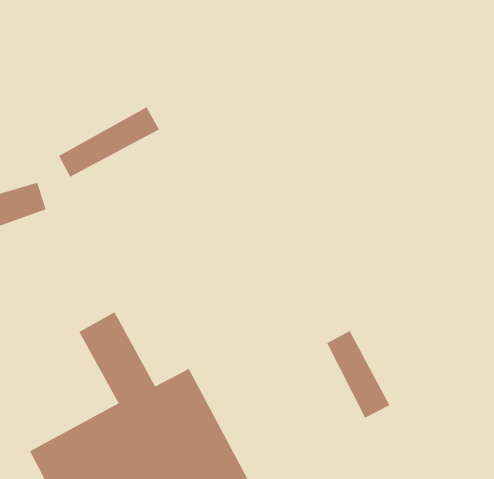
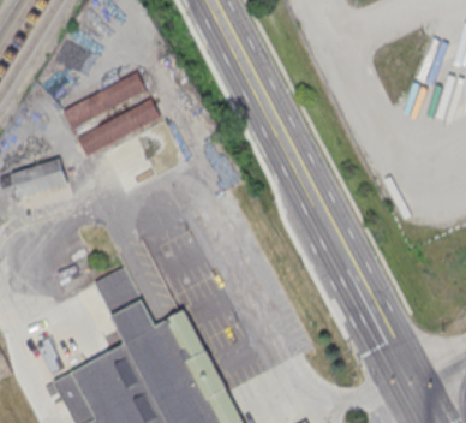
building: none -> [60,73,143,130]
building: [326,330,390,419] -> none

